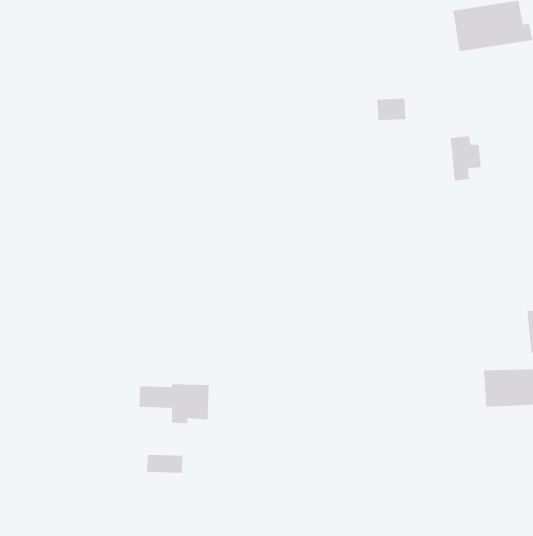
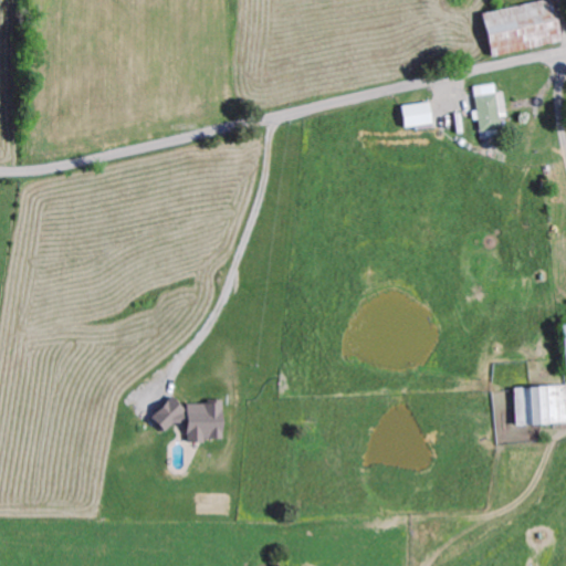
building: [450,136,482,181] -> [475,83,509,130]
building: [147,454,183,474] -> none

